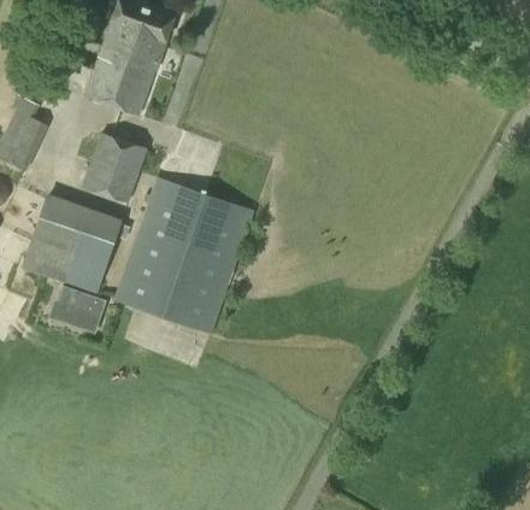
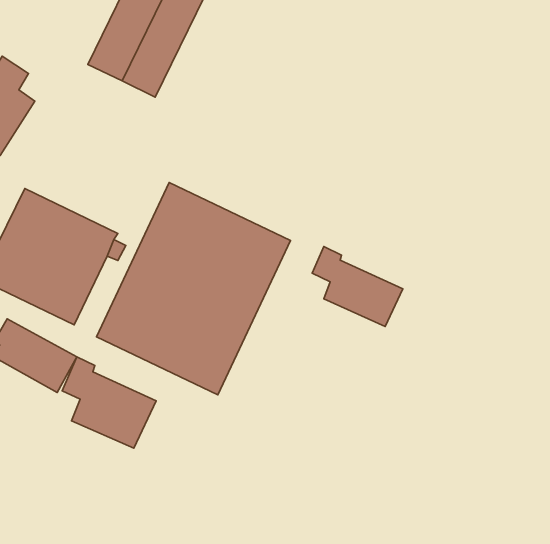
building: [78,131,148,203] -> none
building: none -> [312,247,403,326]
building: none -> [62,357,156,448]

